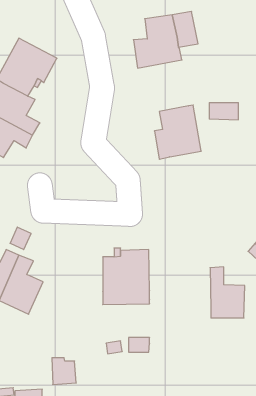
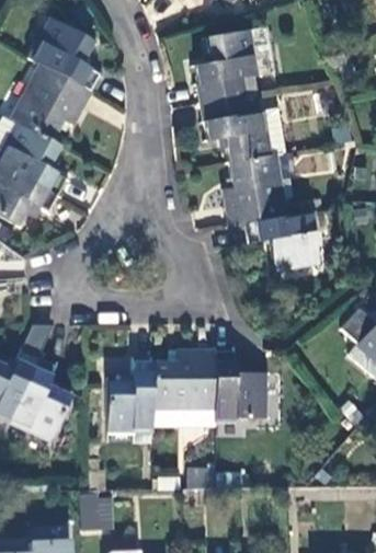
building: none -> [30,20,100,91]
building: none -> [200,93,269,163]
building: none -> [243,212,318,267]
building: none -> [107,360,152,427]
building: [210,267,245,318] -> [215,349,262,418]

